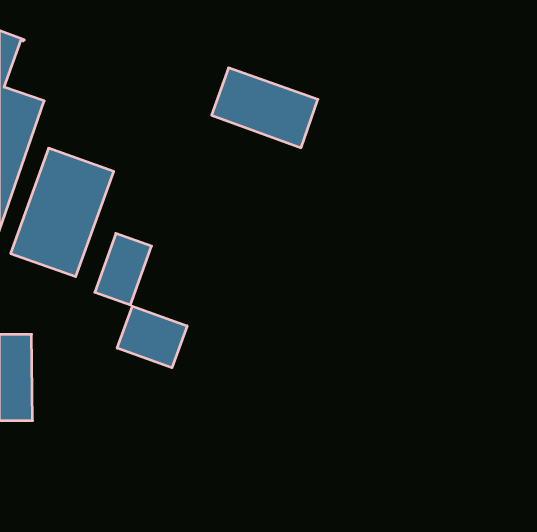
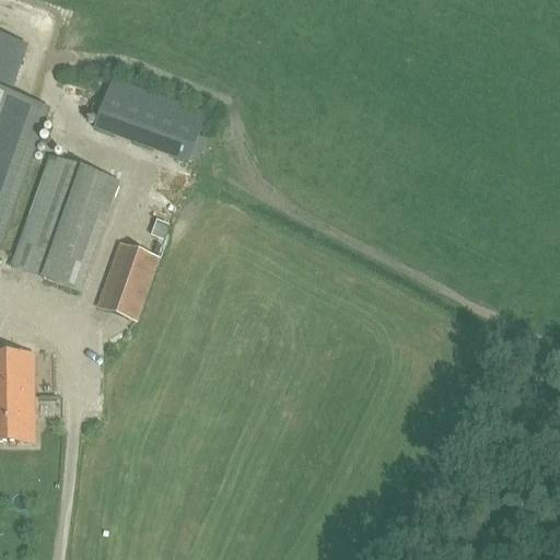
building: [212,68,318,148] -> [95,75,206,159]
building: [117,306,187,368] -> none

